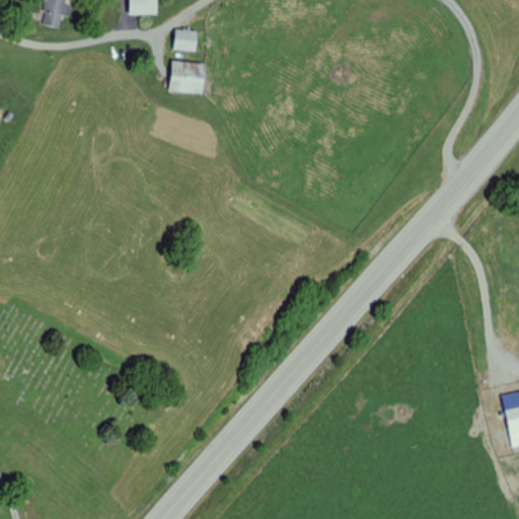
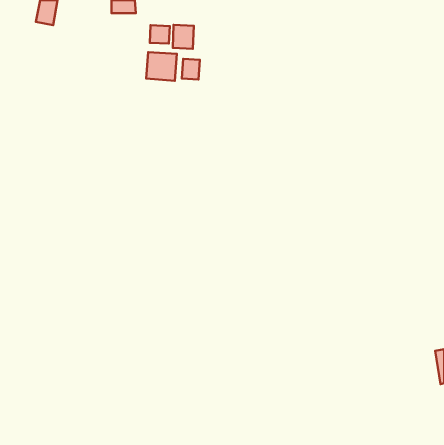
building: none -> [173,25,194,49]
building: none -> [182,59,200,80]

